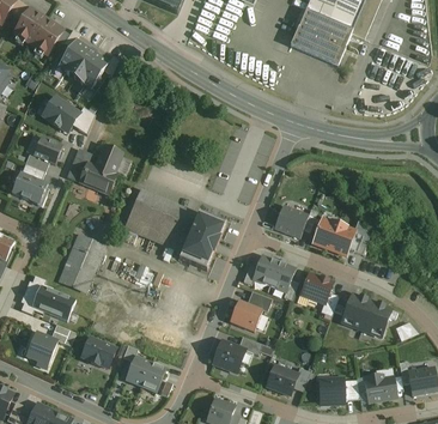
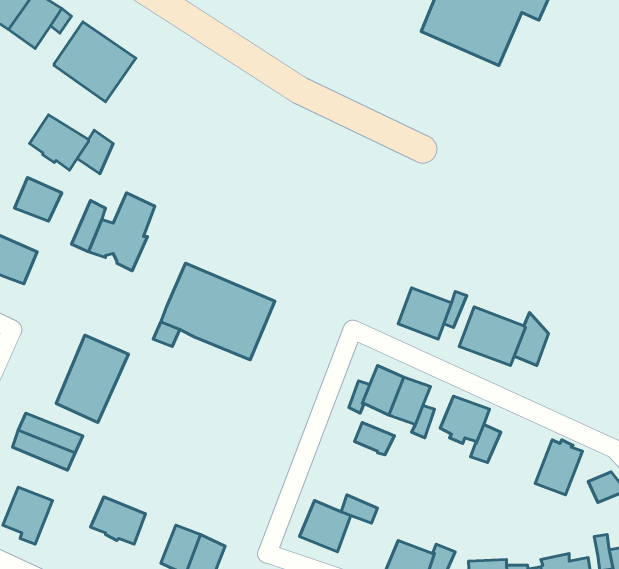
building: [177,210,225,268] -> none
building: [341,293,371,328] -> none
building: [229,298,261,331] -> none

